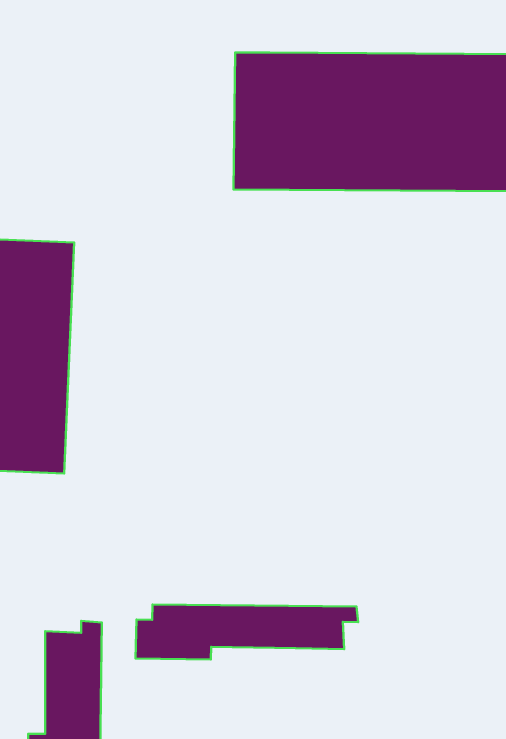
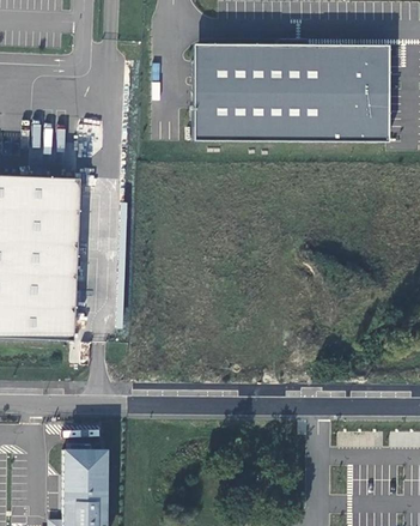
building: [135,604,358,660] -> none

